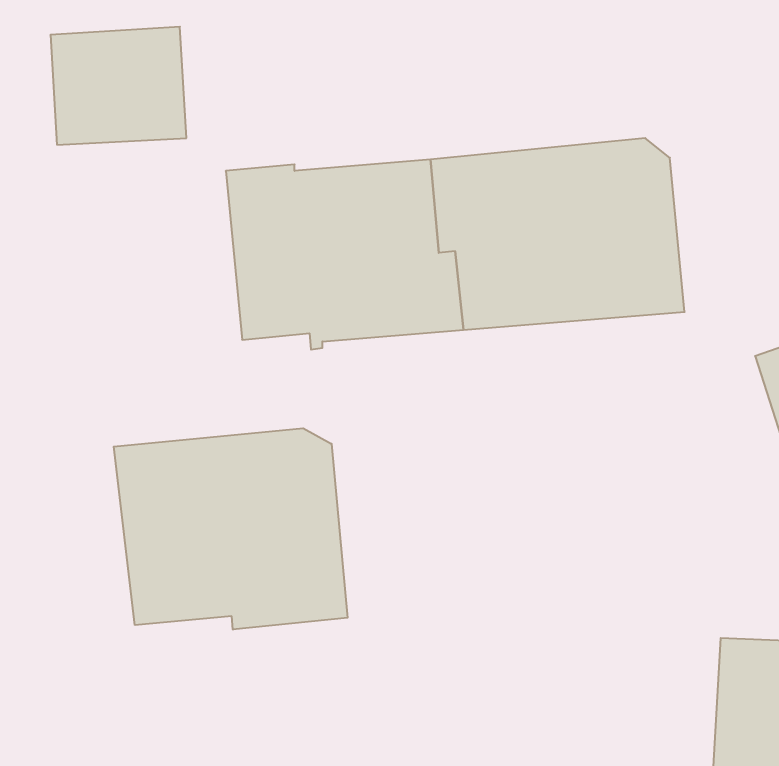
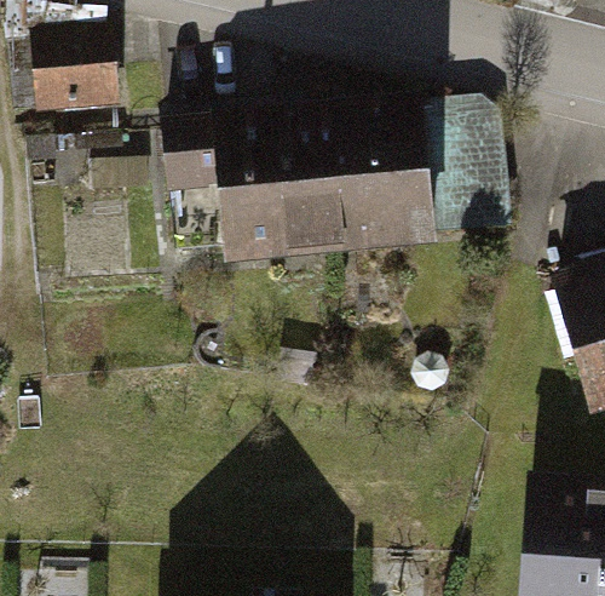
building: [114,428,348,630] -> none

